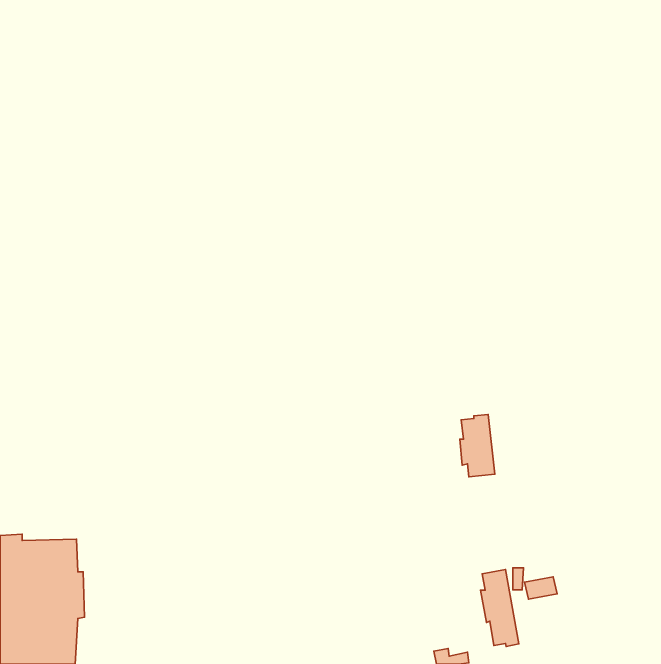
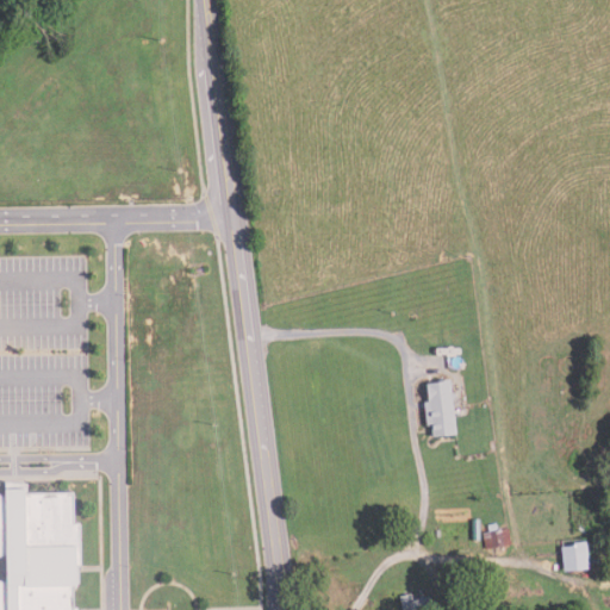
building: [480,569,519,647] -> none
building: none -> [561,540,590,573]

